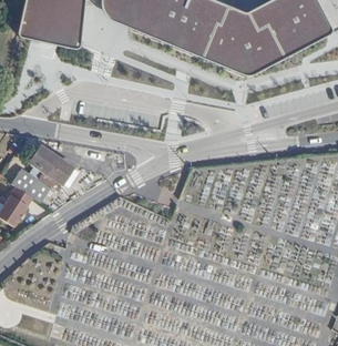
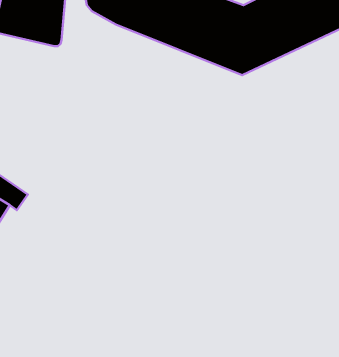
building: [29,144,71,182] -> none

